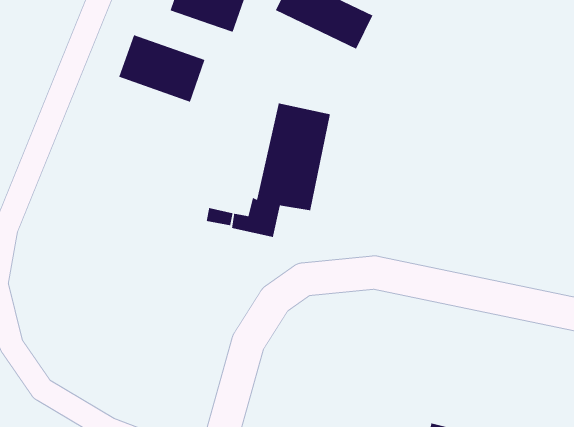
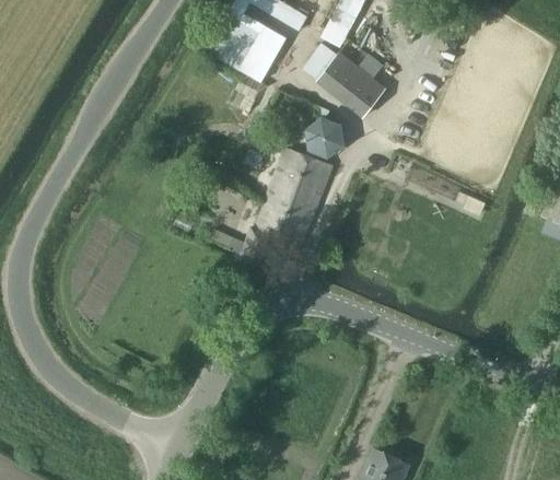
building: [118,34,206,103] -> none
building: none -> [304,117,345,160]

